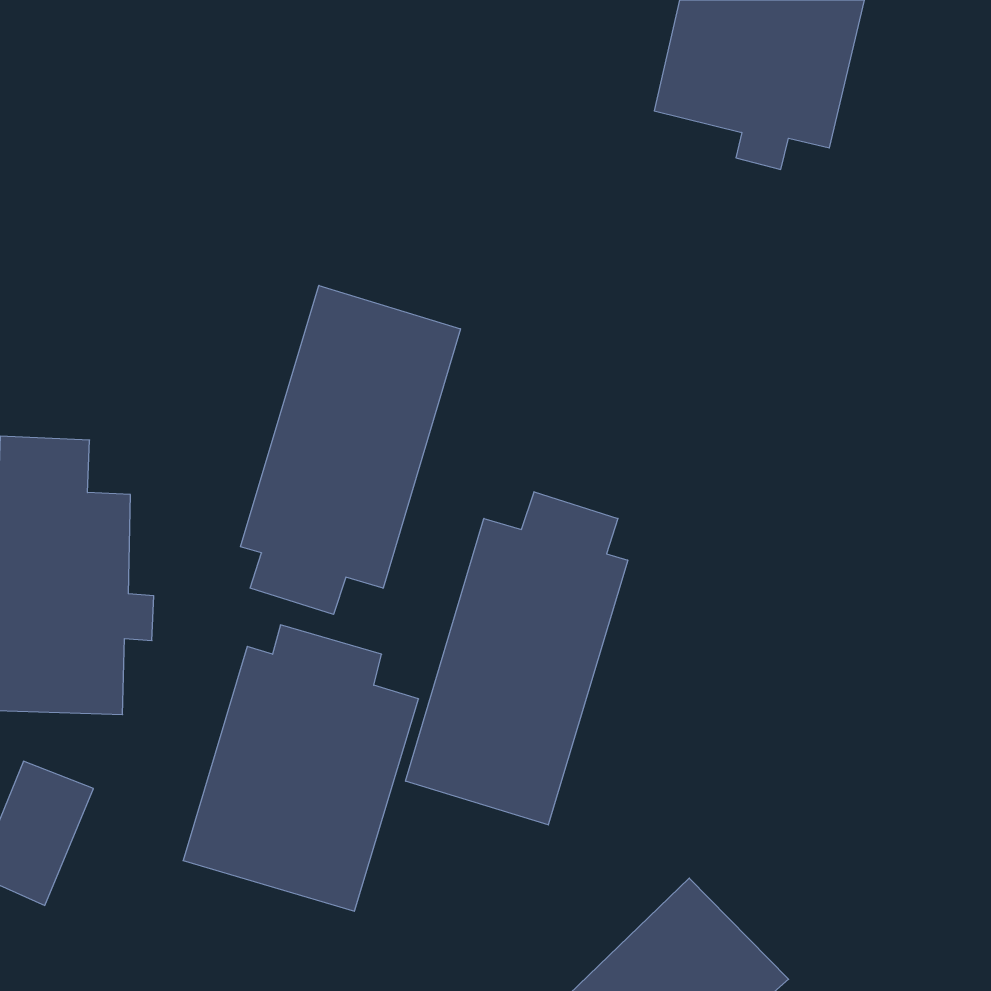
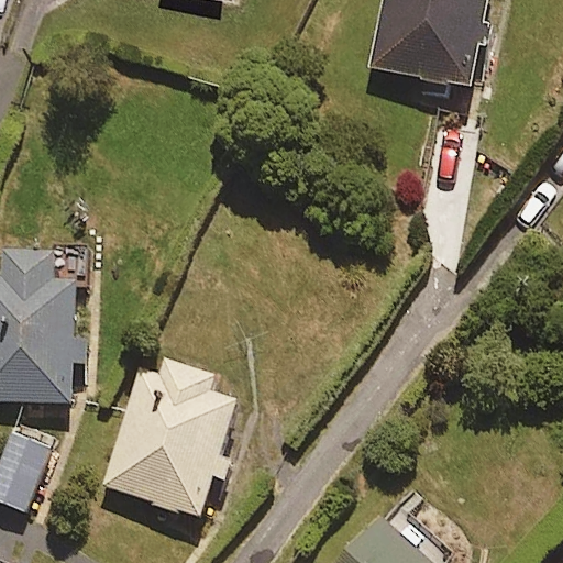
building: [240,285,460,614] -> none
building: [406,492,628,825] -> none

